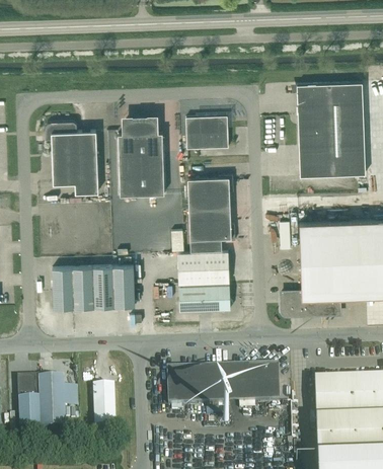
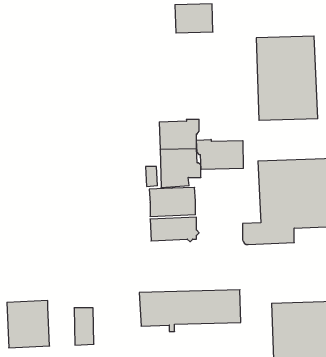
building: [185,116,228,149] -> [175,4,213,33]
building: [118,120,164,197] -> none
building: [46,123,98,193] -> none
building: none -> [196,139,243,169]
building: [53,265,135,309] -> none

